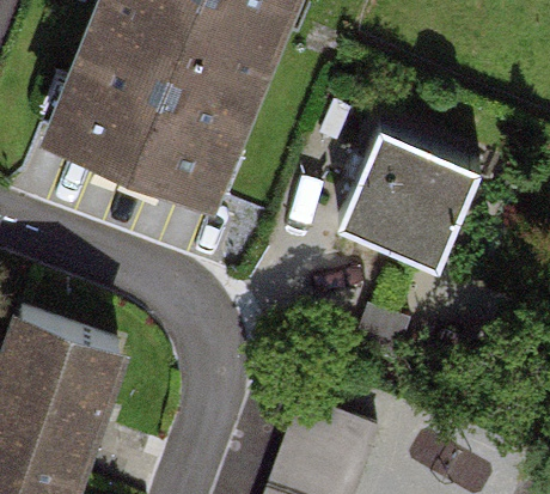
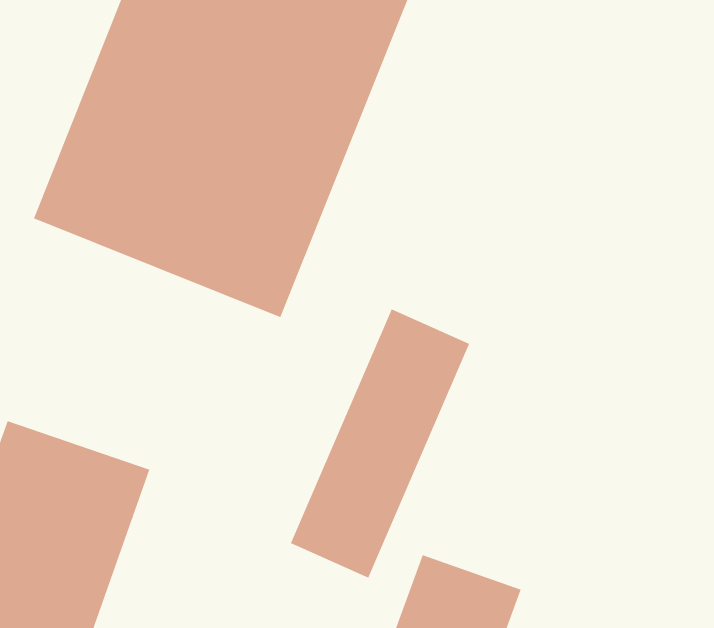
building: [319,124,454,261] -> none
building: none -> [290,308,470,579]

